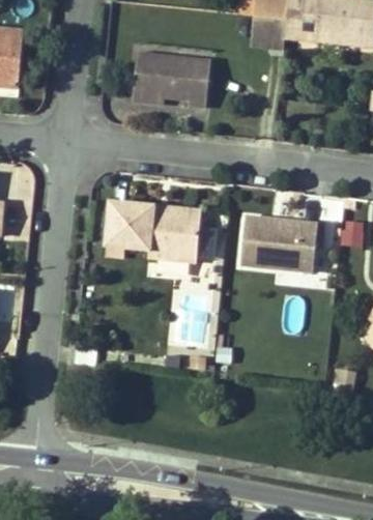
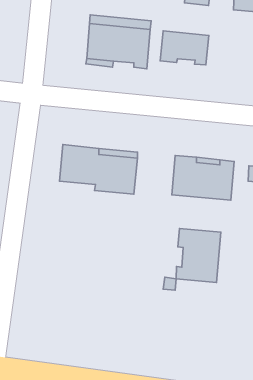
building: none -> [160,31,209,65]
building: none -> [176,228,221,282]

